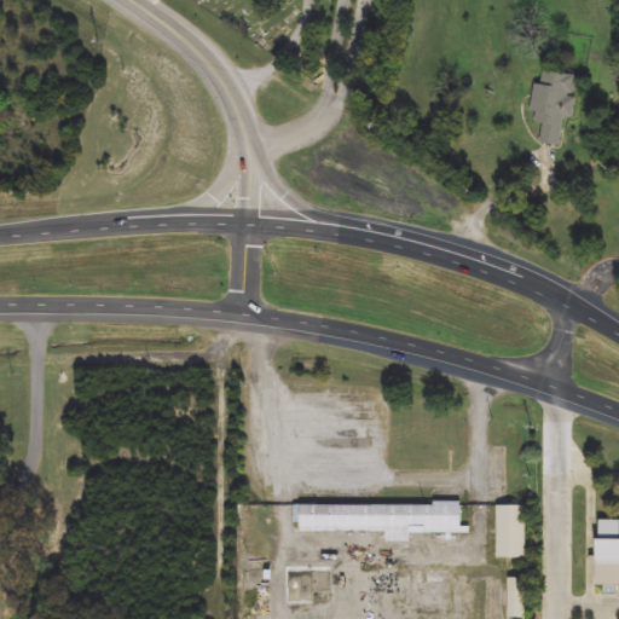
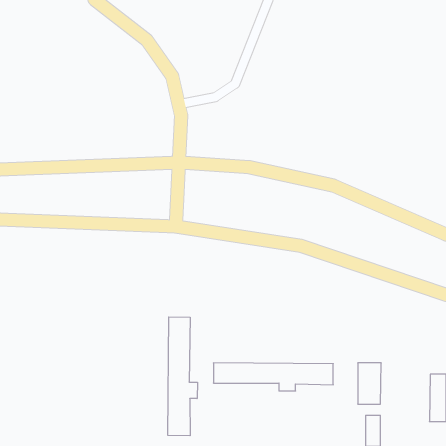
building: [532,70,577,146] -> none
building: none -> [168,317,197,436]

